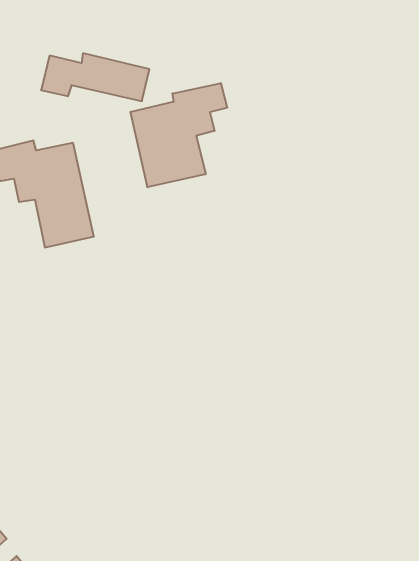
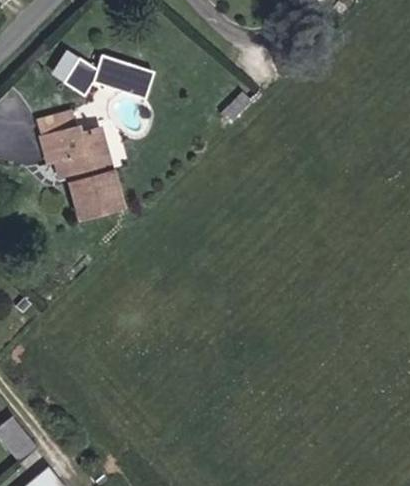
building: [131,83,227,187] -> none

